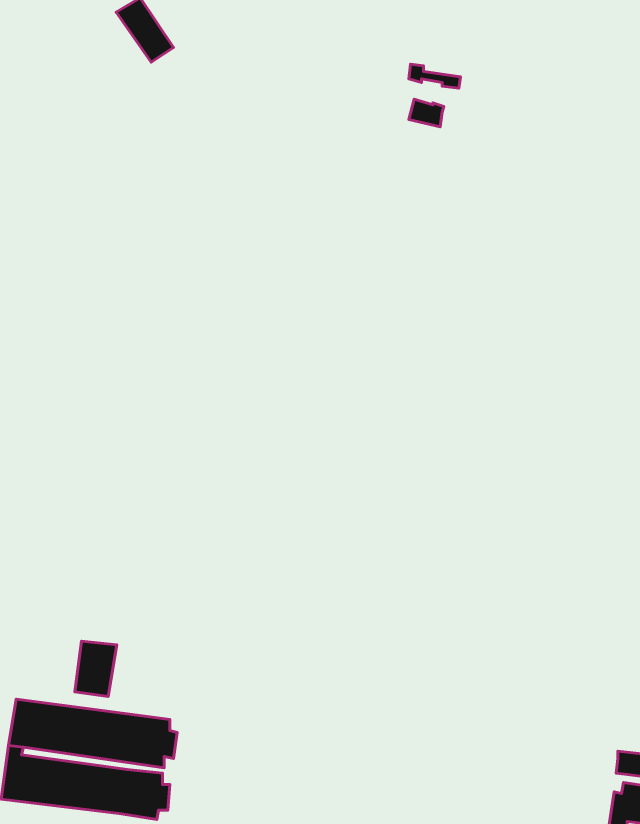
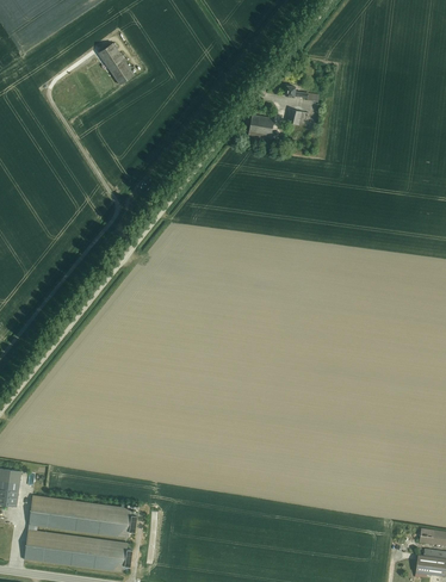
building: none -> [247,114,273,143]
building: [75,641,117,696] -> none

